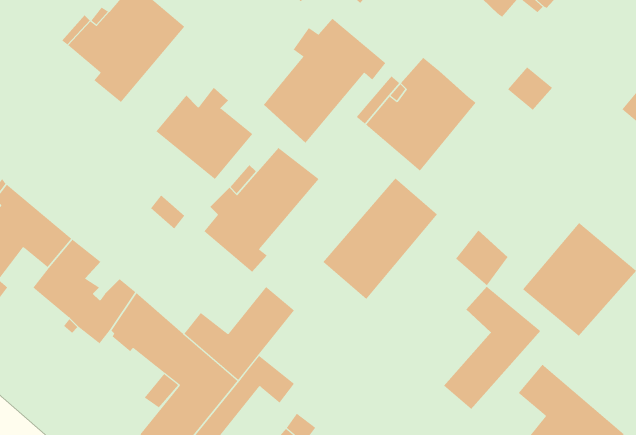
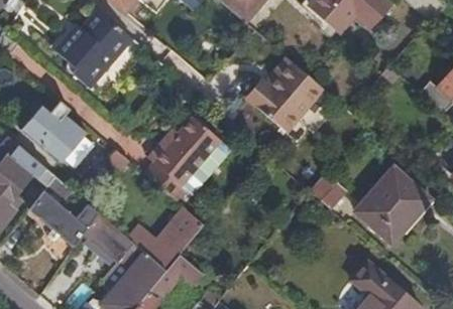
building: [263,18,386,143] -> none
building: [156,87,253,180] -> [22,102,87,163]
building: [322,177,438,300] -> none
building: [443,286,541,410] -> none

